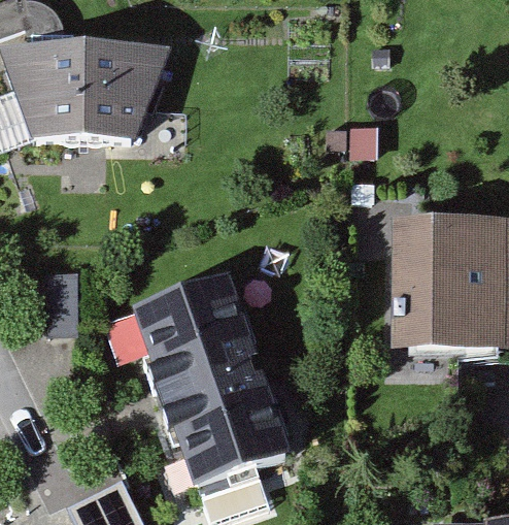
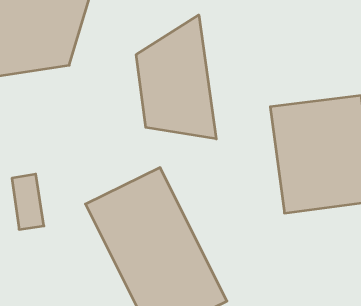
building: none -> [136,15,216,139]

